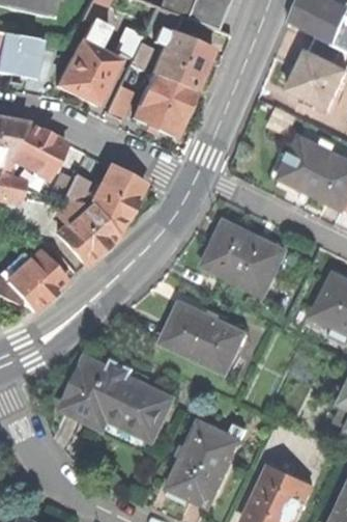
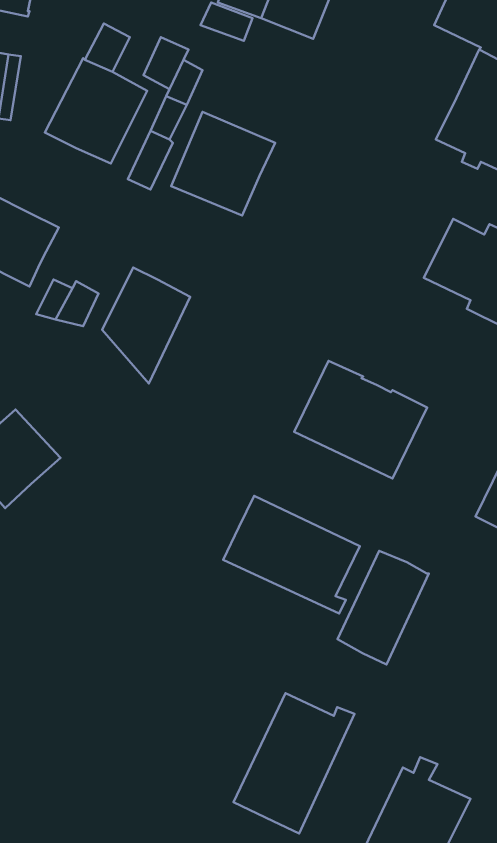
building: [150,29,210,91] -> none
building: [57,203,118,265] -> none
building: none -> [337,551,429,665]
building: [64,356,172,434] -> none

